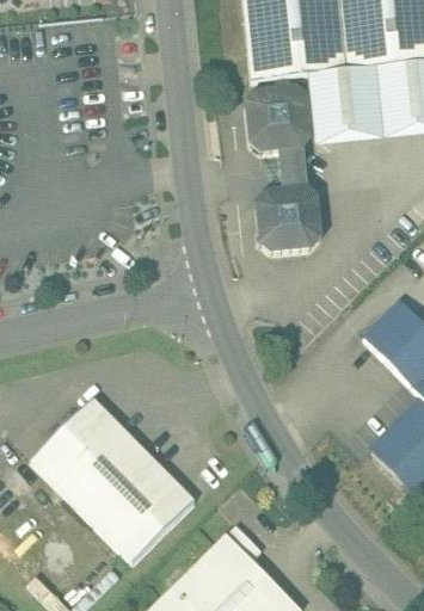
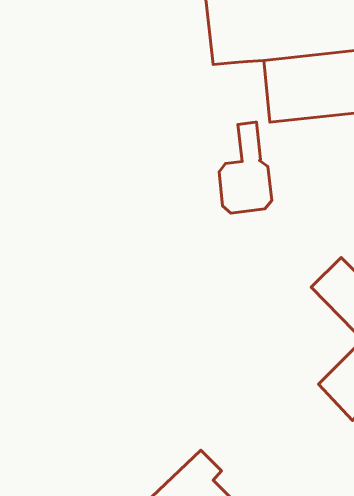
building: [247,76,308,152] -> none
building: [30,399,195,564] -> none

